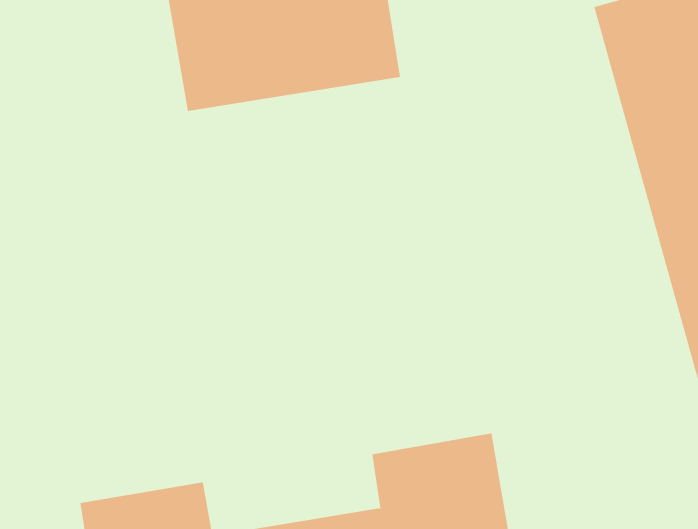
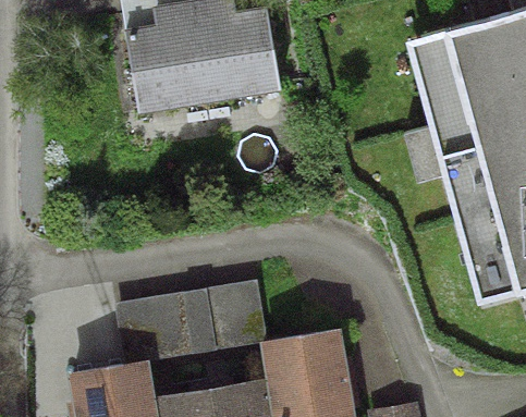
building: none -> [115,279,268,358]

